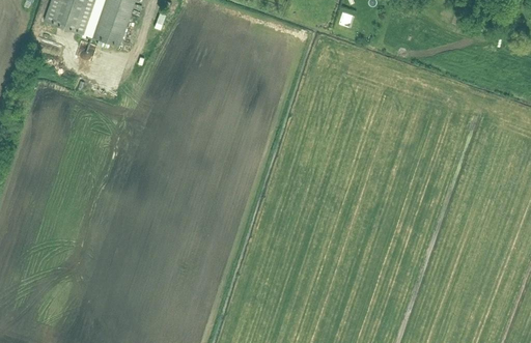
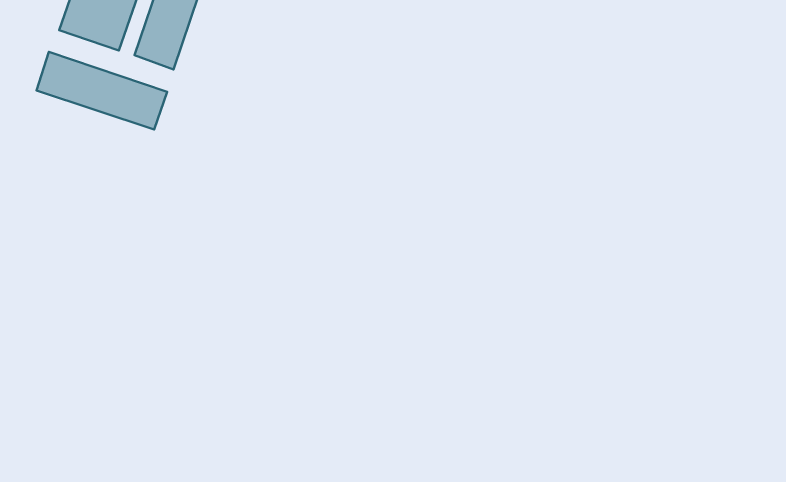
building: none -> [36,52,167,129]

